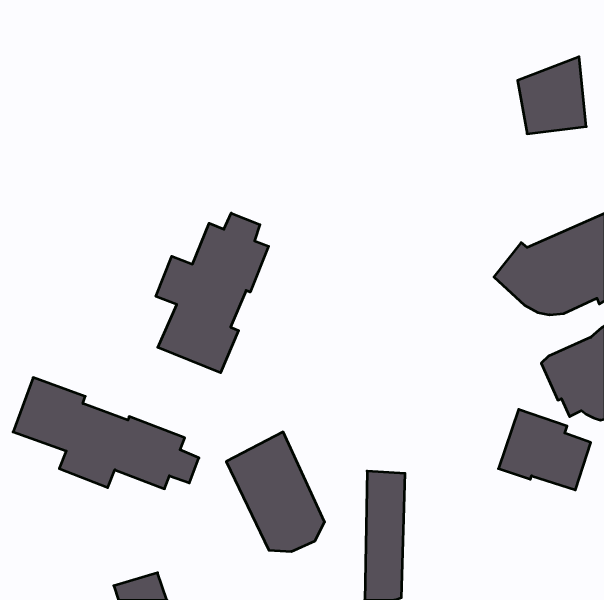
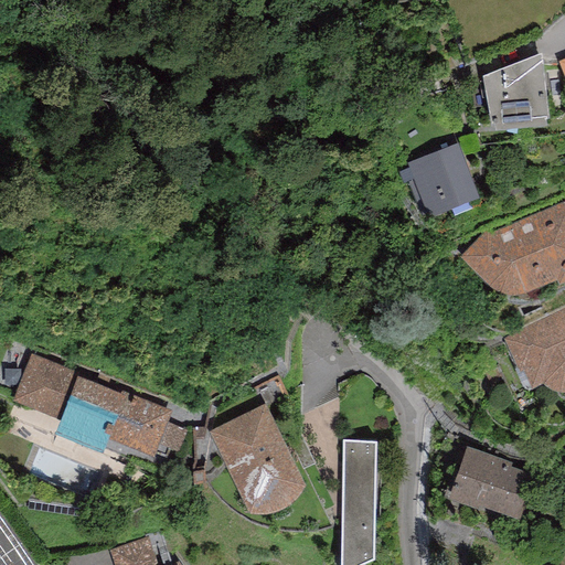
building: none -> [399,142,480,218]
building: [156,213,269,373] -> none
building: [498,409,591,490] -> [448,445,534,520]

